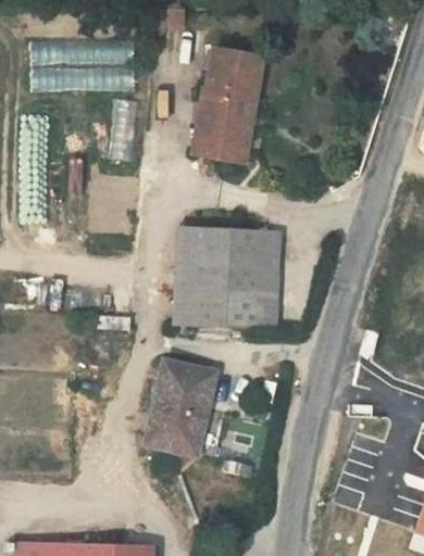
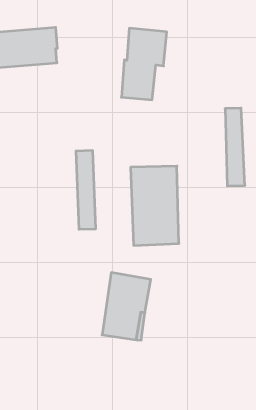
building: [194,100,253,163] -> none
building: [174,228,200,330] -> [76,151,96,229]
building: [254,232,280,333] -> [225,108,245,186]

